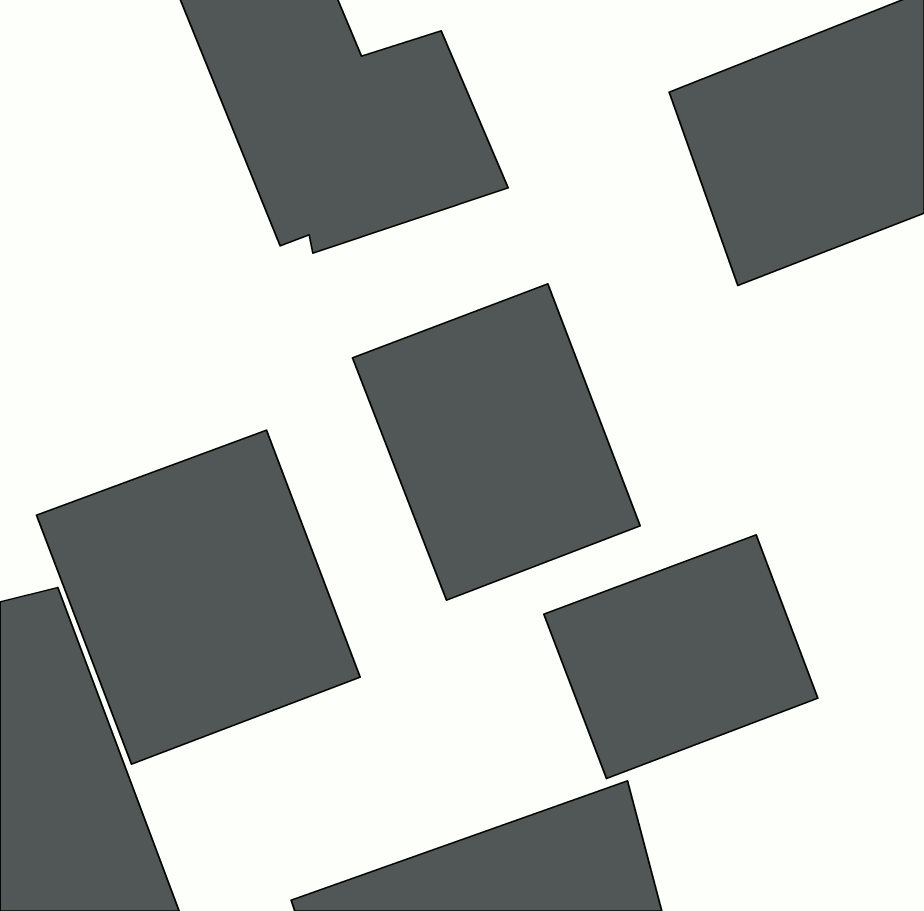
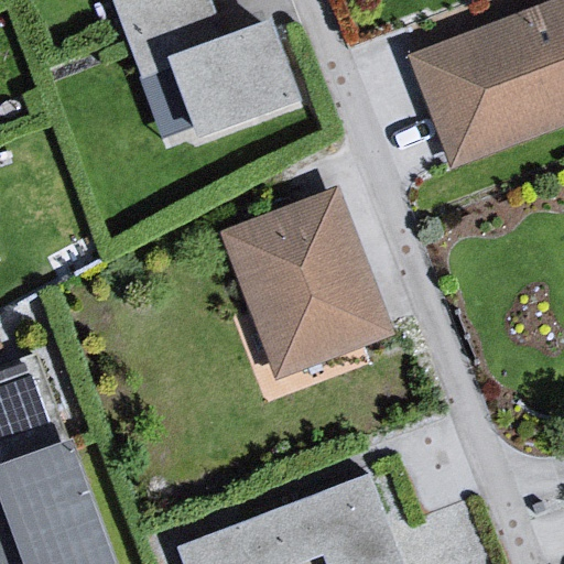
building: [37,430,360,764] -> none
building: [544,535,818,779] -> none

